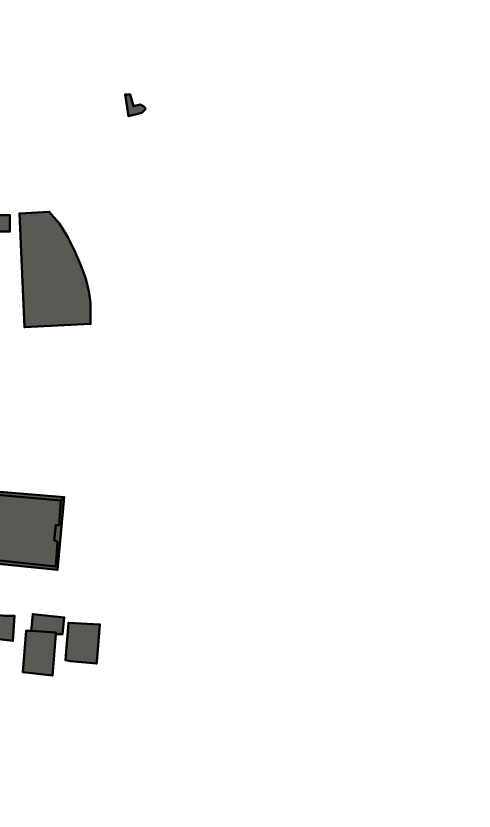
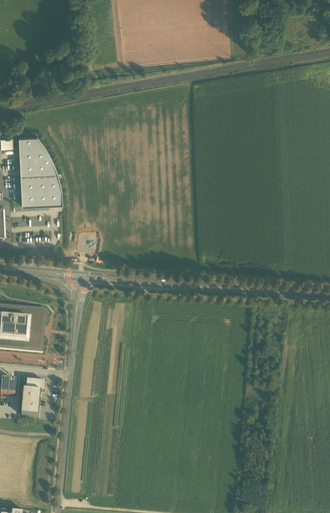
building: [65,623,100,663] -> none

